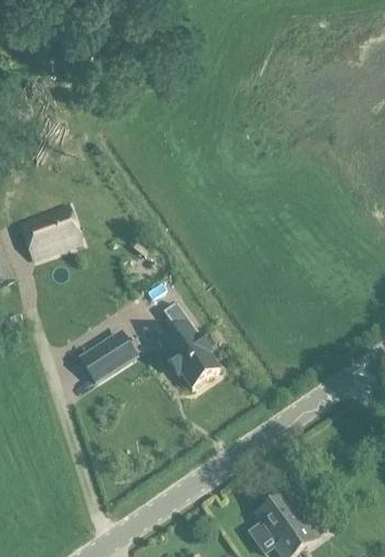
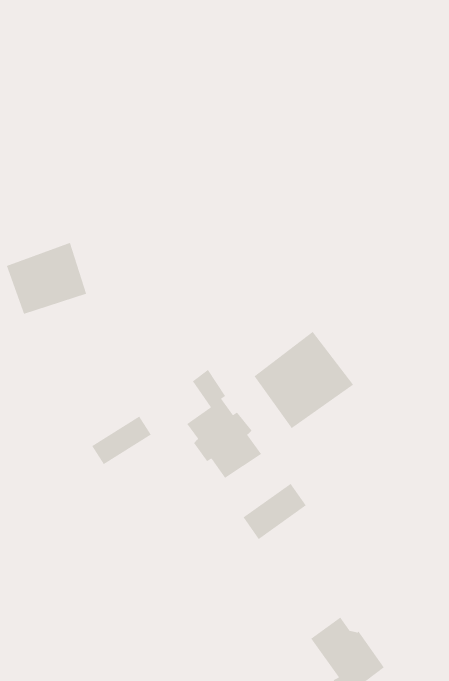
building: none -> [254,331,354,429]
building: none -> [242,483,307,540]

